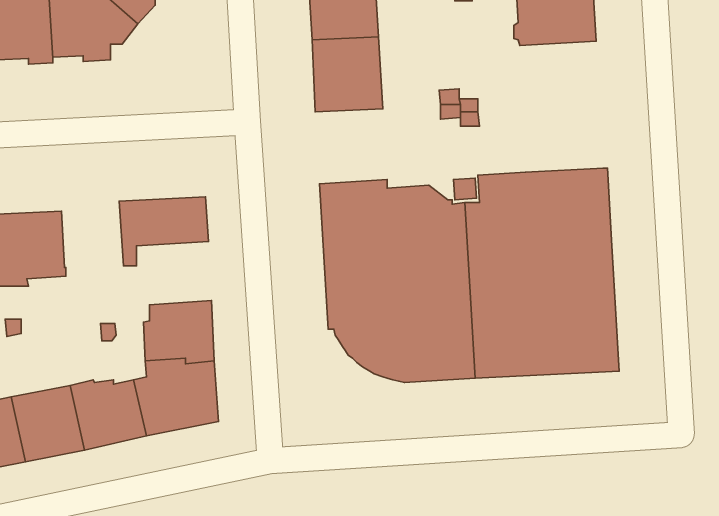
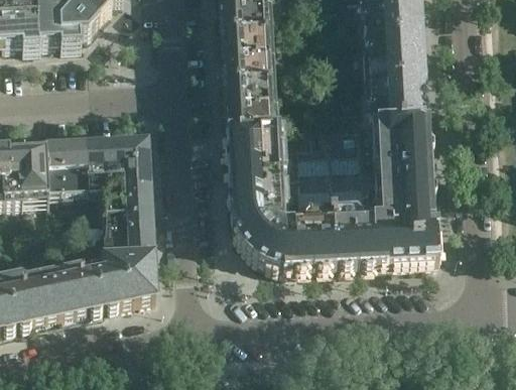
building: none -> [365,29,426,121]
building: none -> [225,77,278,129]
building: none -> [46,141,91,191]
building: none -> [100,169,152,214]

